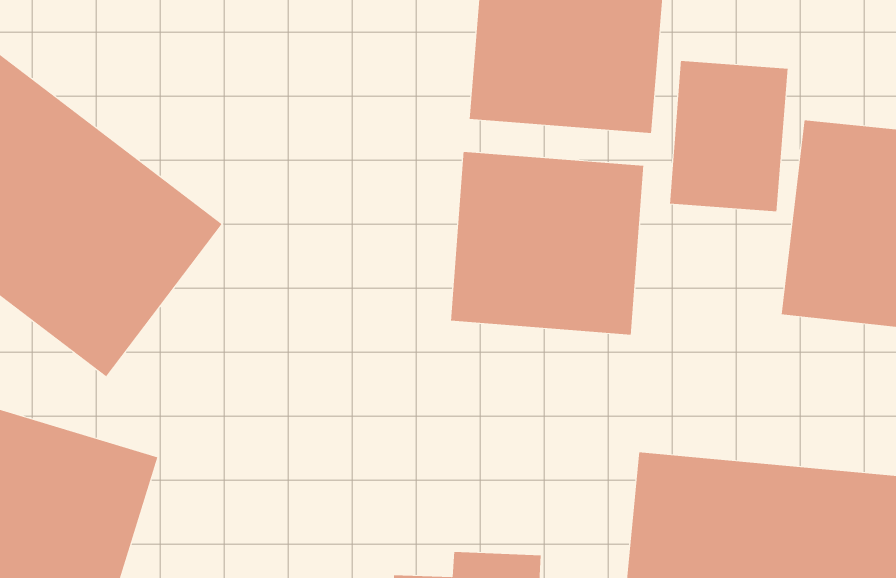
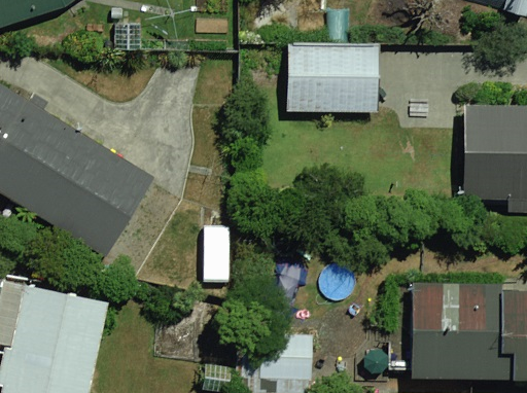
building: [669,60,788,212] -> none
building: [450,151,644,335] -> none

